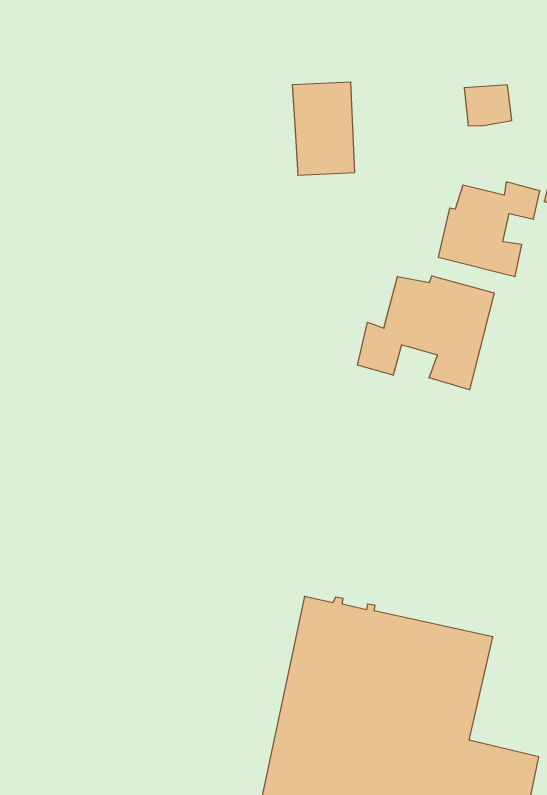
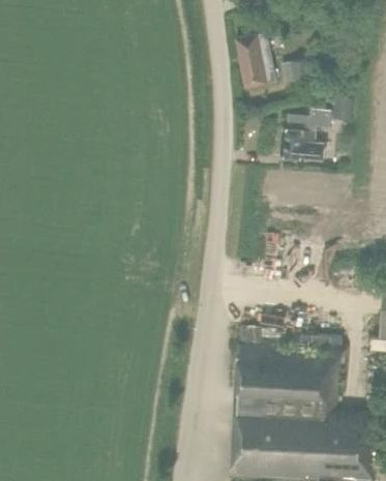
building: [292,82,355,175] -> [236,34,276,88]
building: [357,276,494,390] -> none

